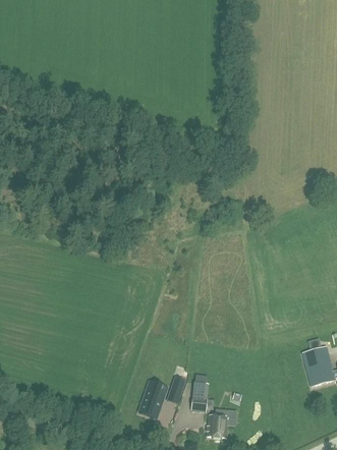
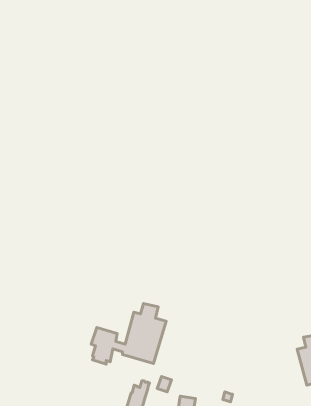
building: none -> [91,304,166,364]

